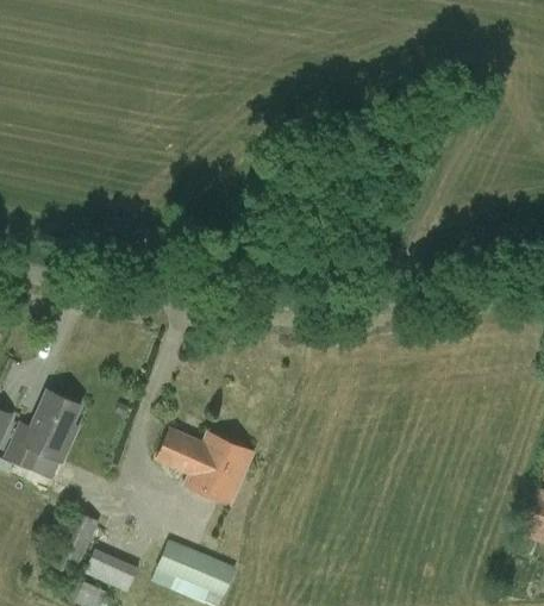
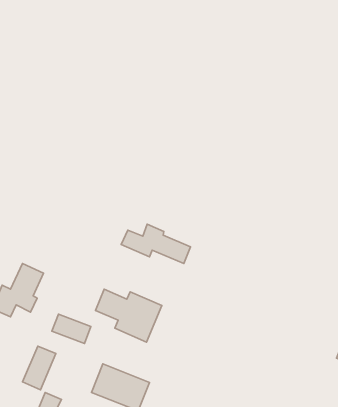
building: none -> [121,224,191,264]
building: [81,548,138,591] -> [52,314,91,343]

